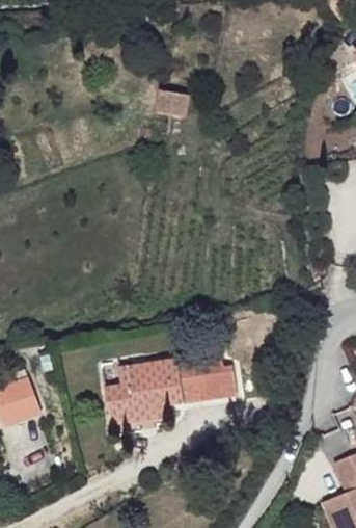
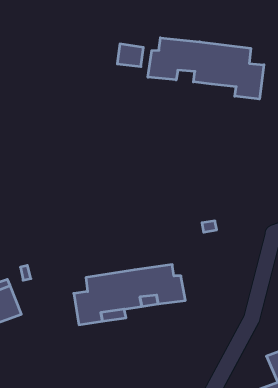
building: none -> [148,38,264,99]

